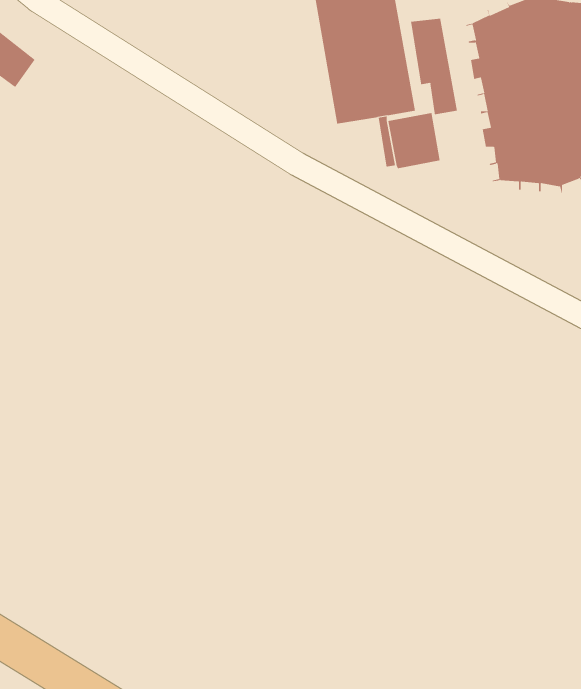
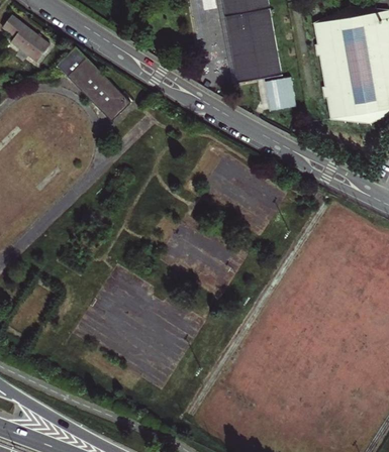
building: [411,18,458,115] -> none
building: none -> [57,46,130,121]

